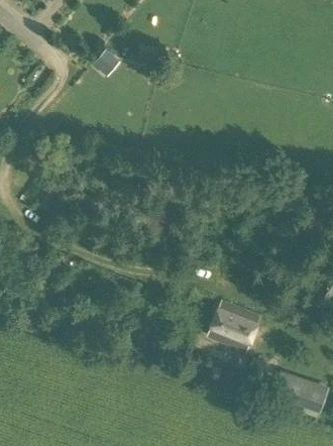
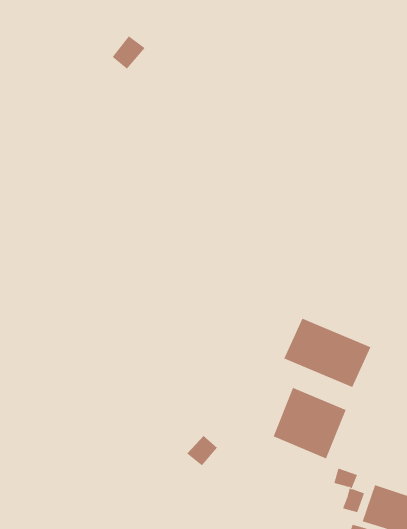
building: none -> [284,318,371,388]

